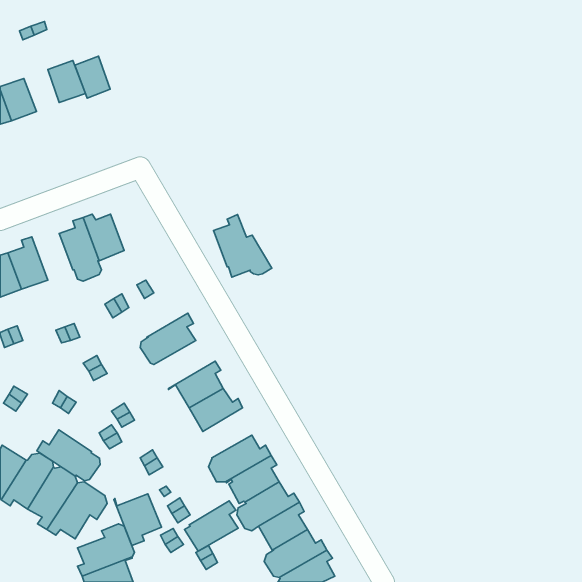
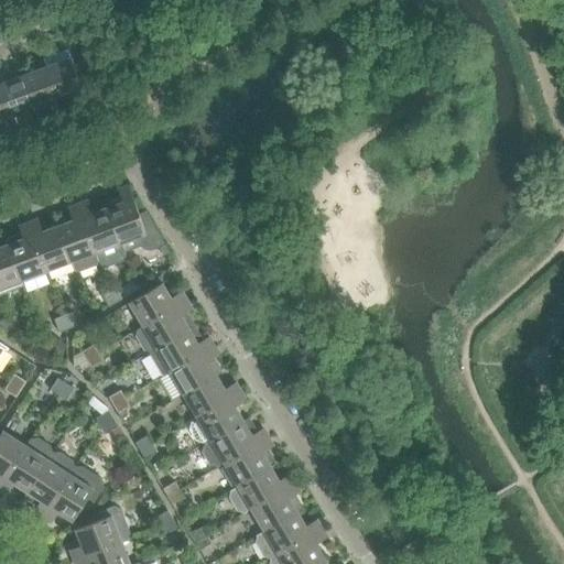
building: [75,56,110,98] -> [23,67,57,108]
building: [214,215,272,277] -> [107,192,163,252]
building: none -> [31,226,70,271]
building: none -> [129,283,182,326]
building: none -> [149,329,208,376]
building: [37,430,100,481] -> none
building: [114,494,161,545] -> none
building: [185,501,238,551] -> [192,394,243,443]

